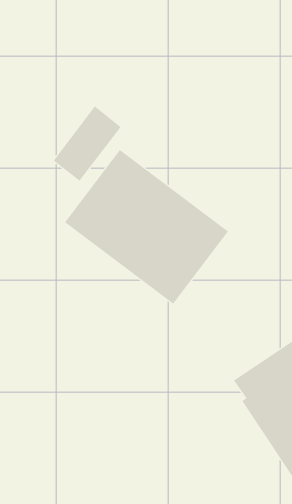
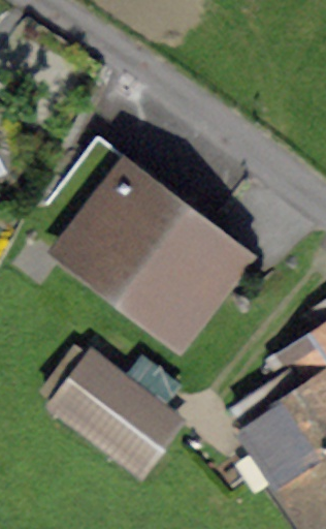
building: none -> [64,352,173,454]

